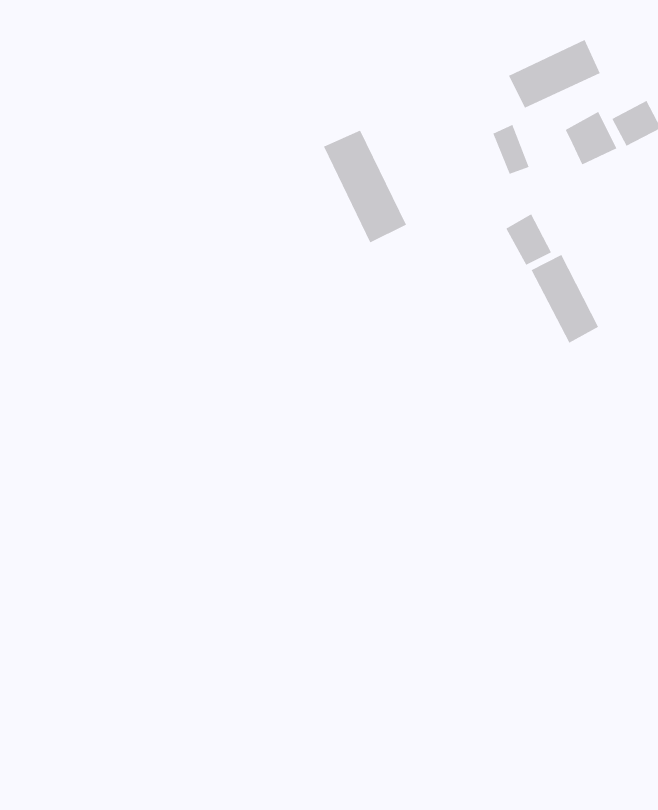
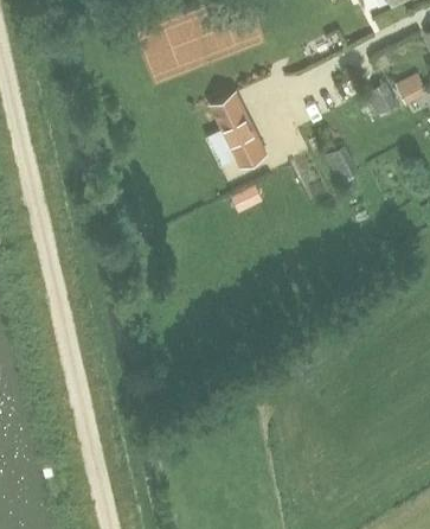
building: [508,39,600,109] -> none
building: [531,254,599,344] -> none

